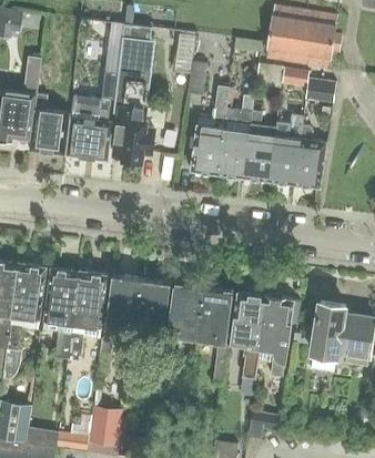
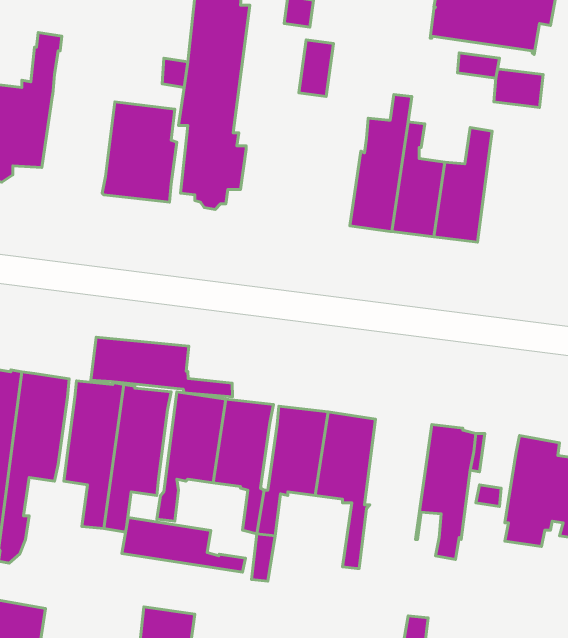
building: [190,84,229,173] -> none
building: [29,92,69,153] -> none
building: [294,124,326,186] -> none
building: none -> [91,337,233,397]
building: [230,292,266,378] -> none
building: none -> [122,517,245,572]

